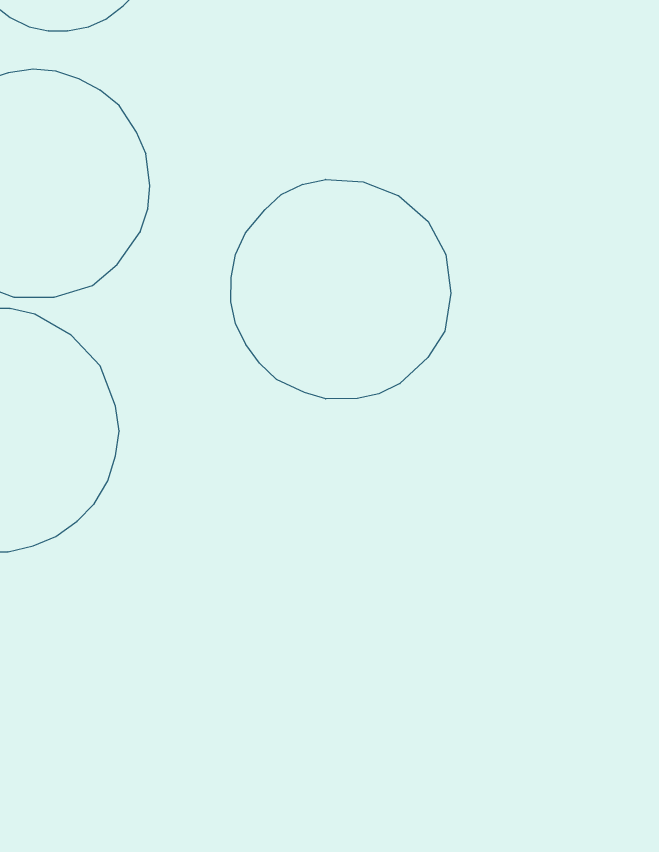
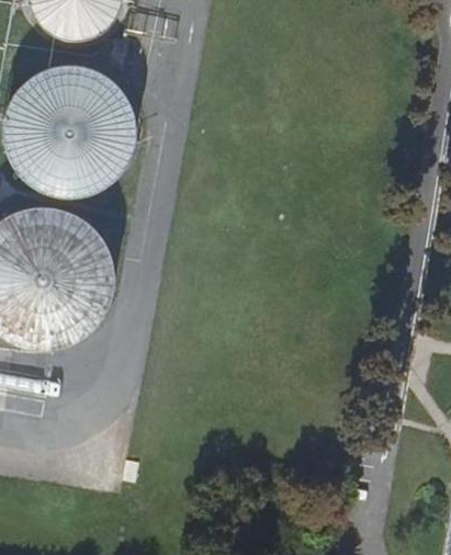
building: [231,179,451,399] -> none

